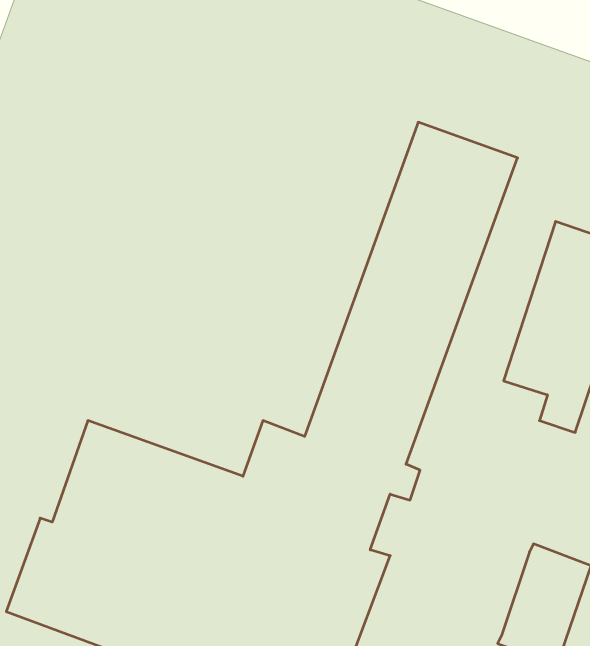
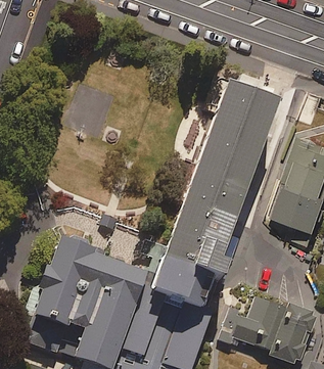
building: none -> [217,295,284,349]

